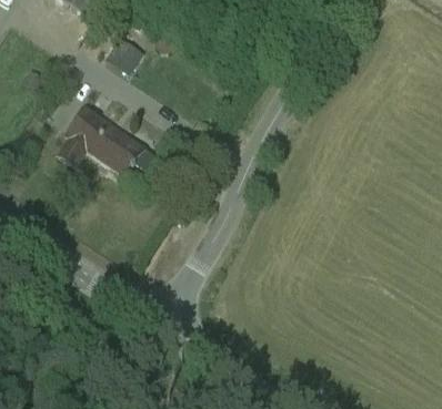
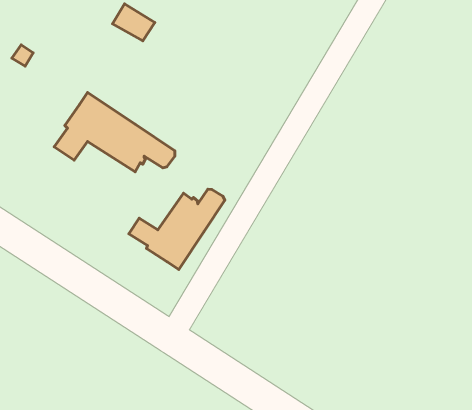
building: none -> [129,189,225,270]

